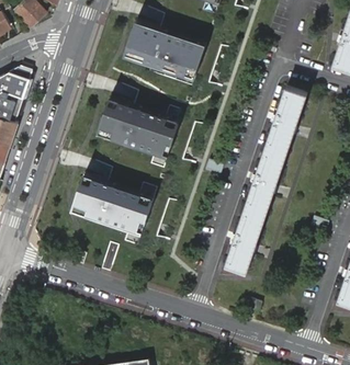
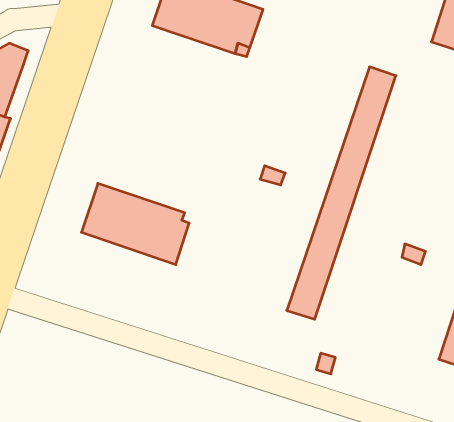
building: [98,95,178,156] -> none

